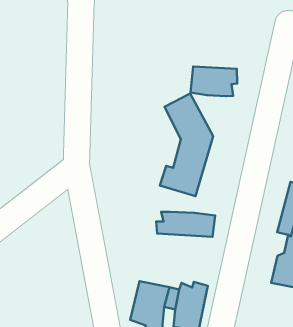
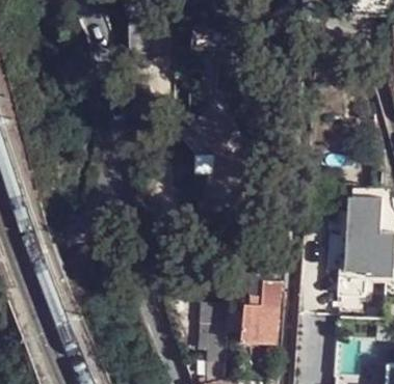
building: [190,66,237,96] -> none
building: [156,212,215,237] -> none

